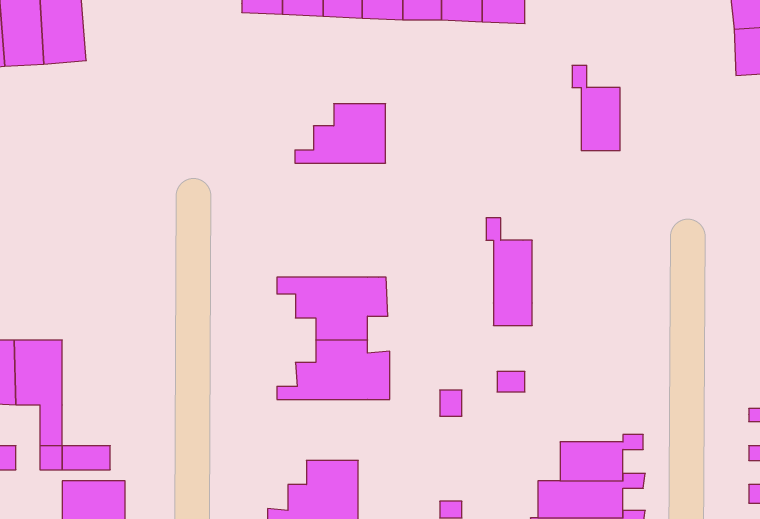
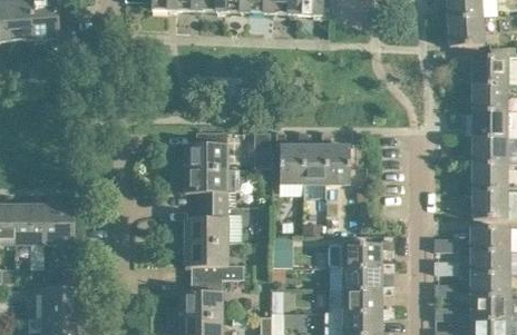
building: [572,65,620,151] -> [321,131,350,183]
building: [295,104,386,163] -> [173,131,227,167]
building: none -> [276,131,303,183]
building: none -> [43,205,72,244]
building: none -> [330,239,393,266]
building: none -> [173,240,243,278]

